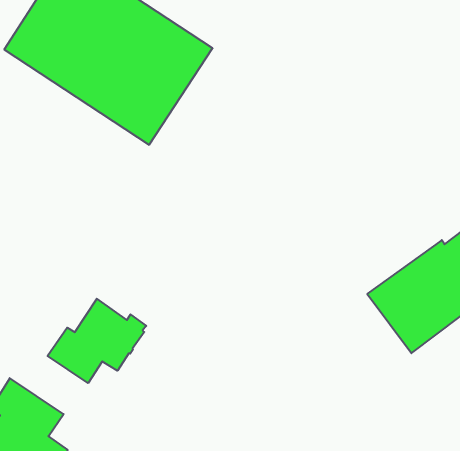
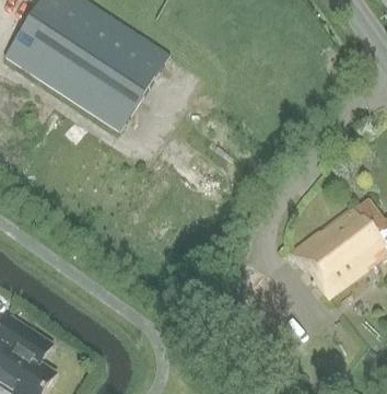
building: [48,299,146,383] -> none

